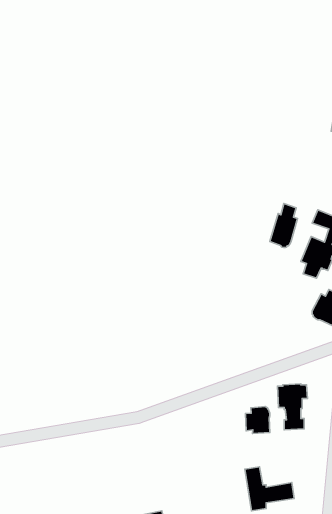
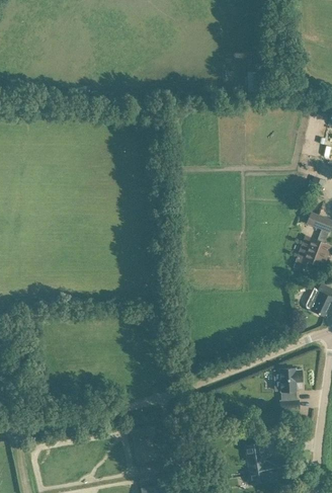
building: [270,203,298,248] -> none
building: [245,406,270,434] -> none

